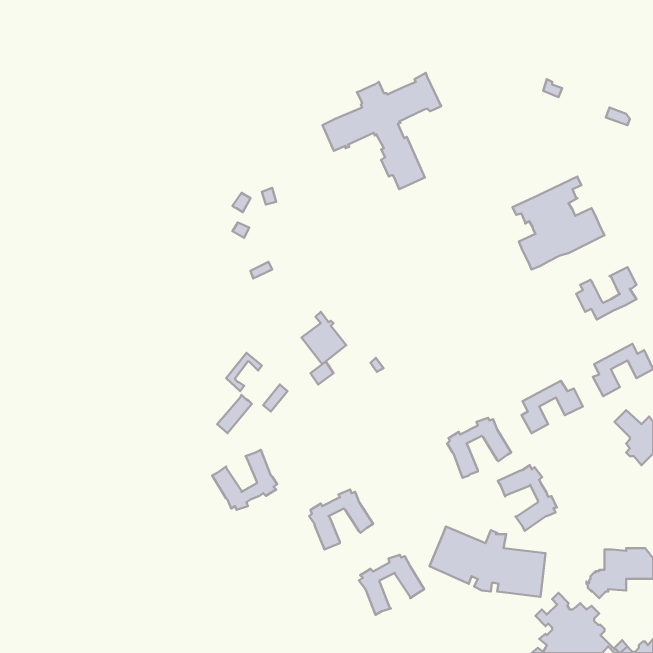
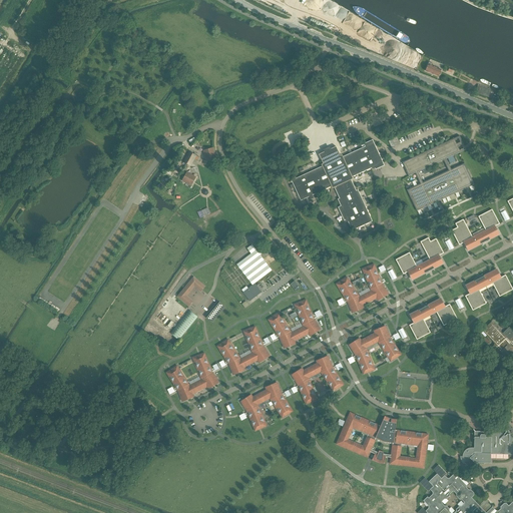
building: [322,73,441,189] -> [292,139,385,230]
building: none -> [396,237,444,280]
building: none -> [336,265,387,312]
building: none -> [269,300,319,347]
building: none -> [217,327,268,374]
building: [498,465,557,531] -> none
building: [359,555,424,615] -> [293,358,344,405]

